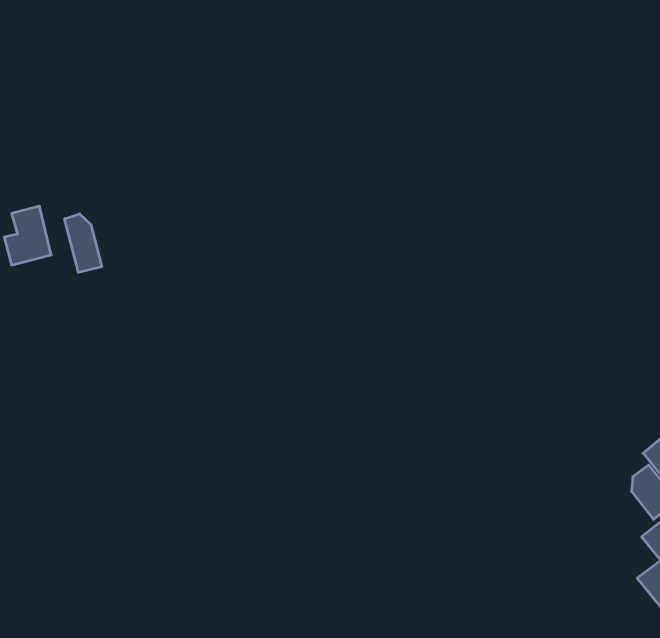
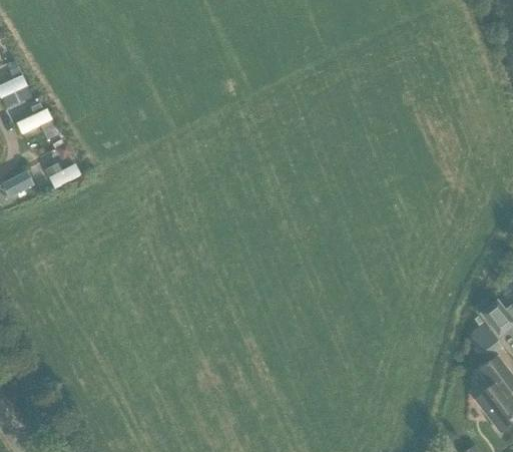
building: [65,214,102,272] -> none

